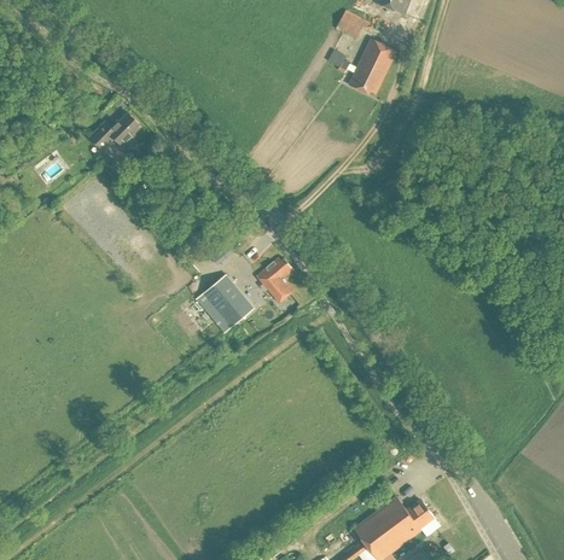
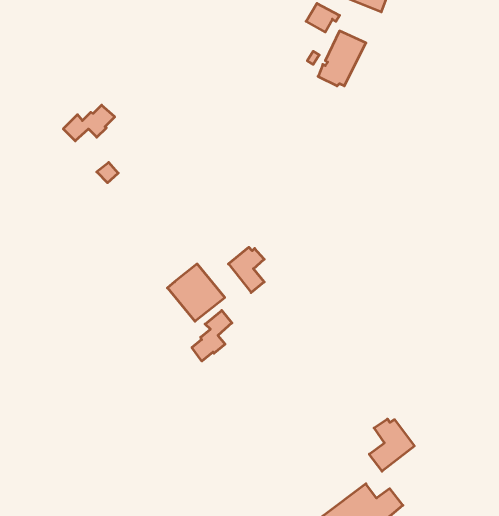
building: none -> [192,310,232,361]
building: none -> [369,419,414,471]

